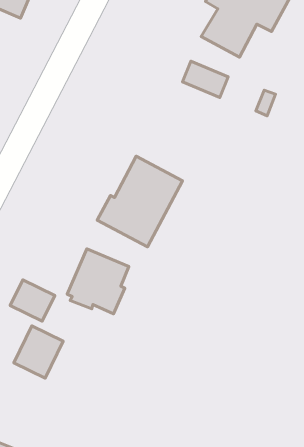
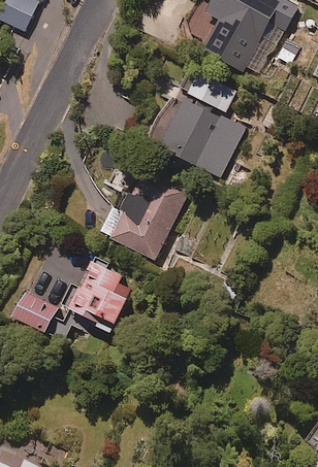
building: none -> [149,72,243,175]
building: [14,326,63,378] -> none

